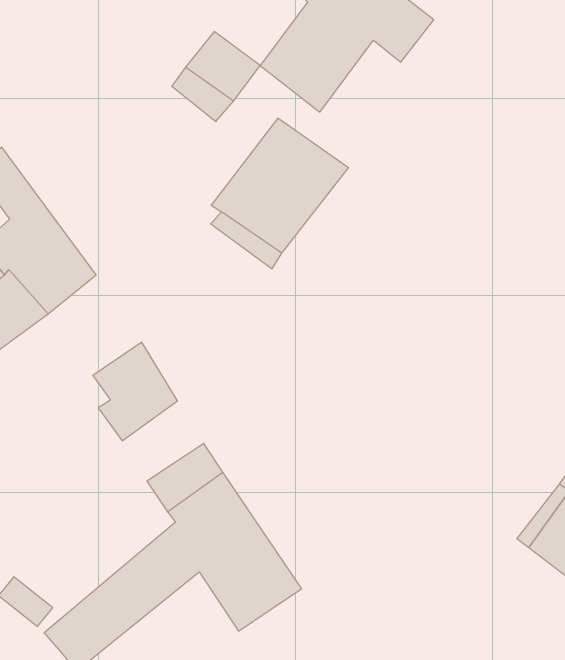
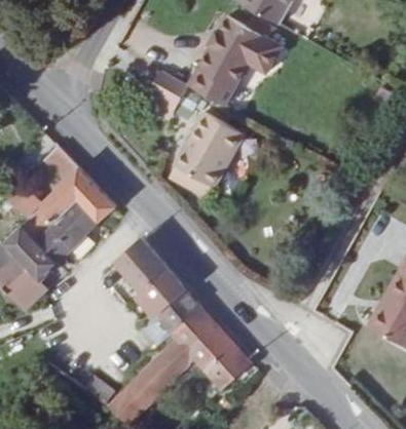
building: none -> [141,269,186,315]

